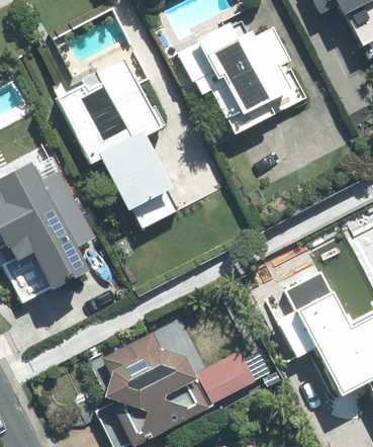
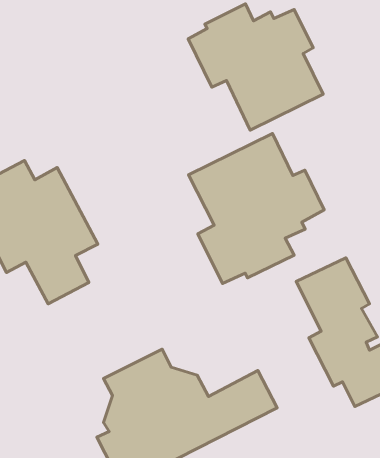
building: [58,58,173,211] -> none
building: none -> [189,133,324,284]

